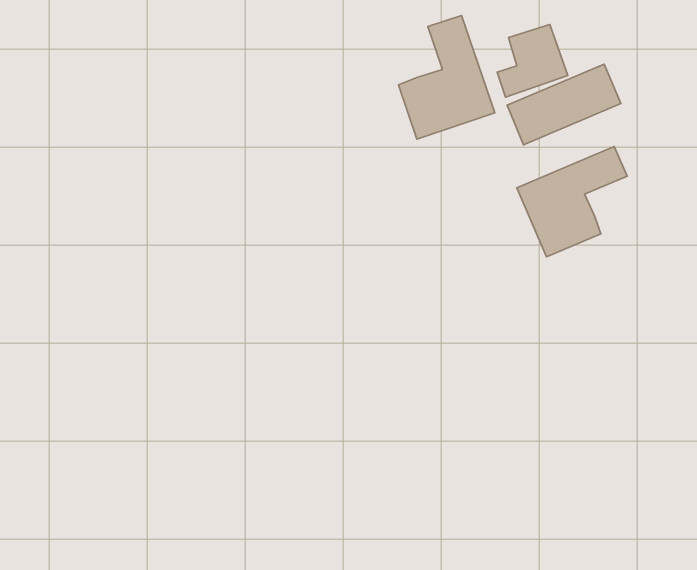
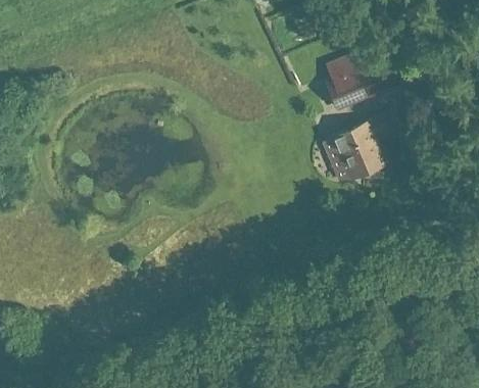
building: [398,16,495,139] -> none

